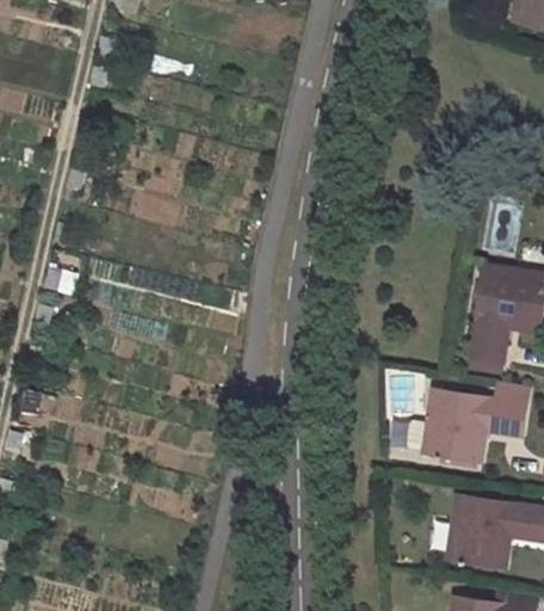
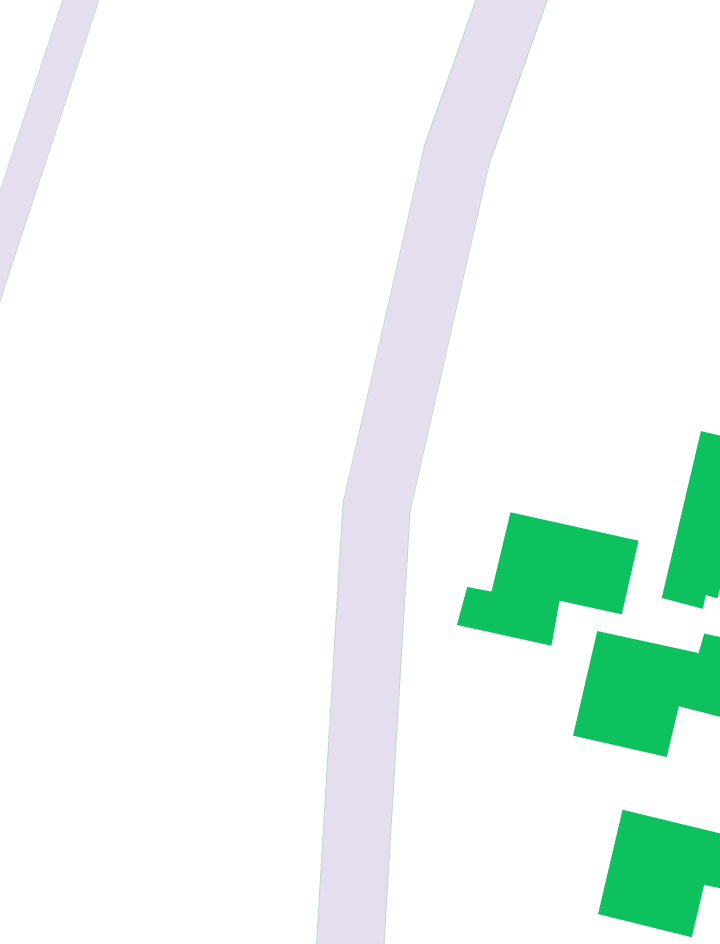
building: none -> [456,511,639,647]

